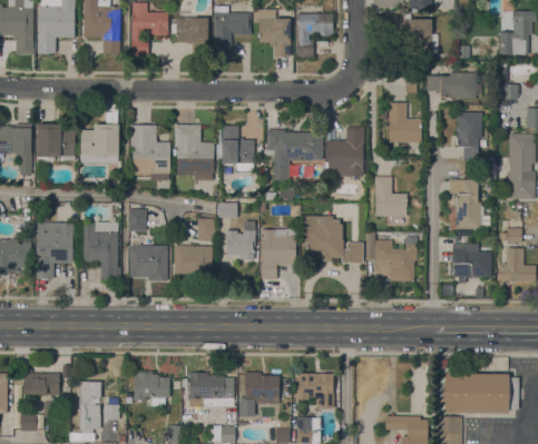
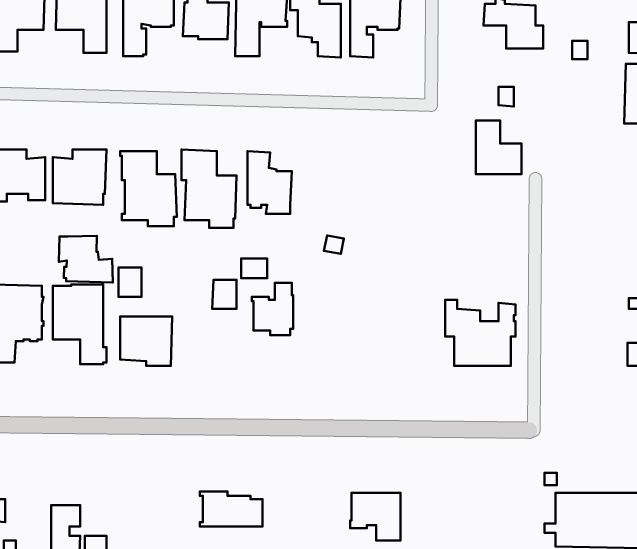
building: [427,72,481,98] -> none
building: [456,111,481,160] -> none
building: [327,126,363,176] -> none
building: [266,129,322,180] -> none
building: [374,176,405,216] -> none
building: [449,179,480,228] -> none
building: none -> [59,236,113,283]
building: [303,216,362,263] -> none
building: [260,226,297,279] -> none
building: [451,243,491,282] -> none
building: [174,245,212,282] -> none
building: [133,371,169,406] -> none
building: [244,372,278,399] -> none

